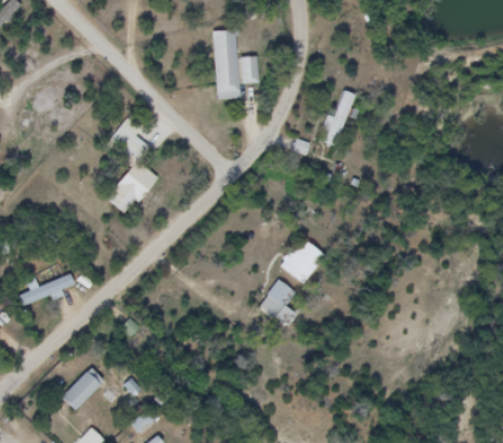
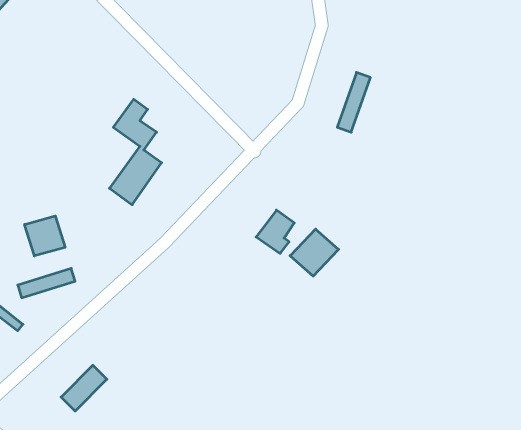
building: [213,29,259,100] -> none
building: none -> [25,216,65,256]
building: [259,280,296,321] -> [256,210,294,253]

